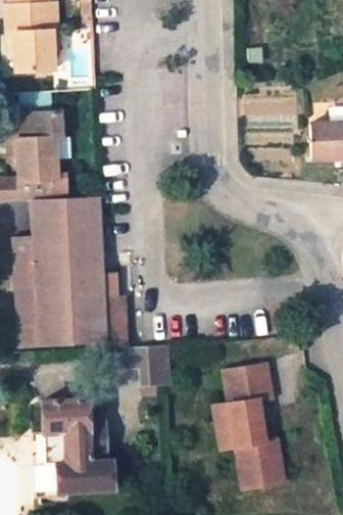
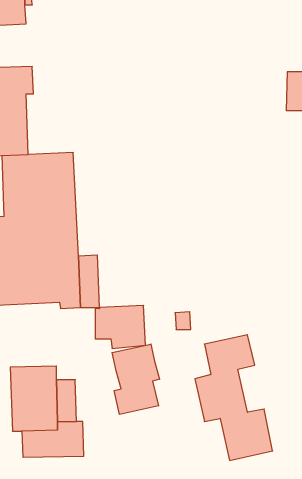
building: none -> [112,344,160,414]

